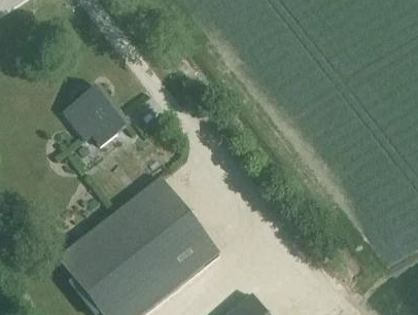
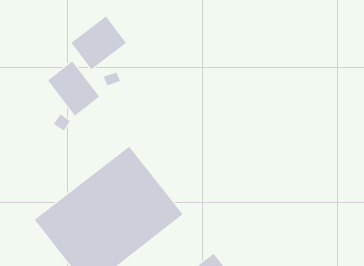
building: none -> [71,15,127,70]

